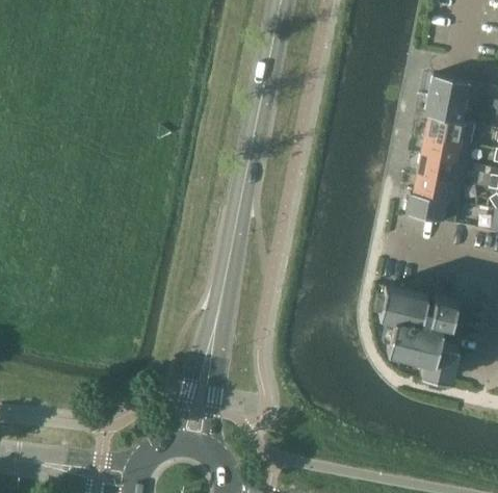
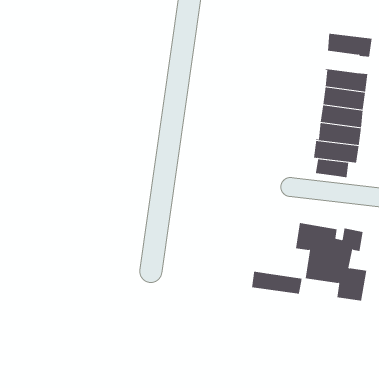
building: [425,96,465,123] -> none
building: none -> [314,158,349,178]
building: none -> [251,271,305,294]

